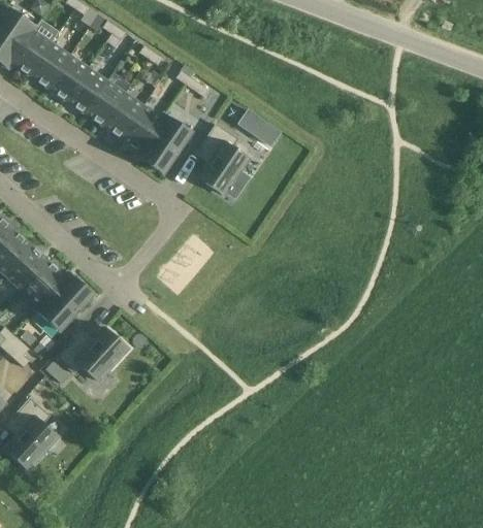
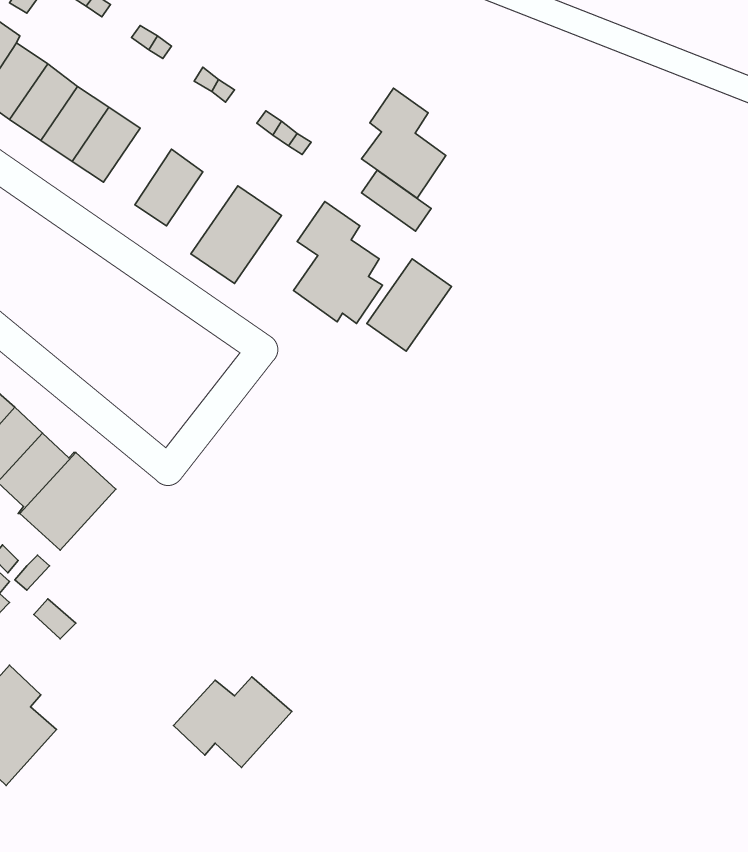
building: none -> [361,88,446,198]
building: [86,81,126,127] -> none
building: [123,107,165,156] -> none
building: none -> [367,259,451,351]
building: [58,328,128,382] -> [173,677,292,767]

